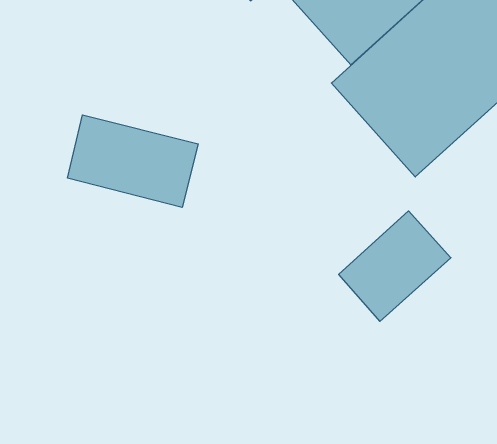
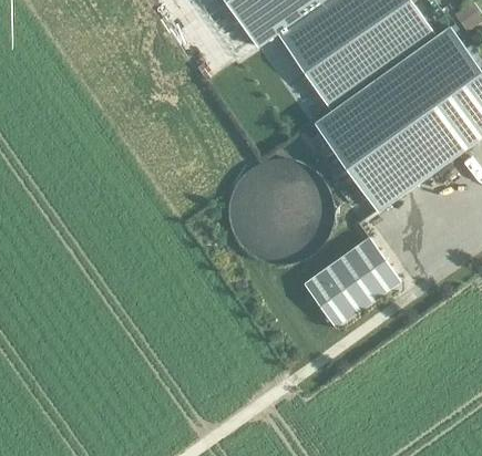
building: [68,115,198,207] -> none
building: none -> [228,159,334,265]

